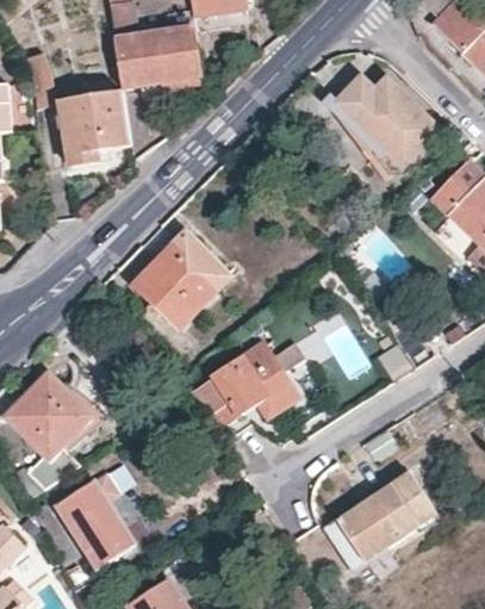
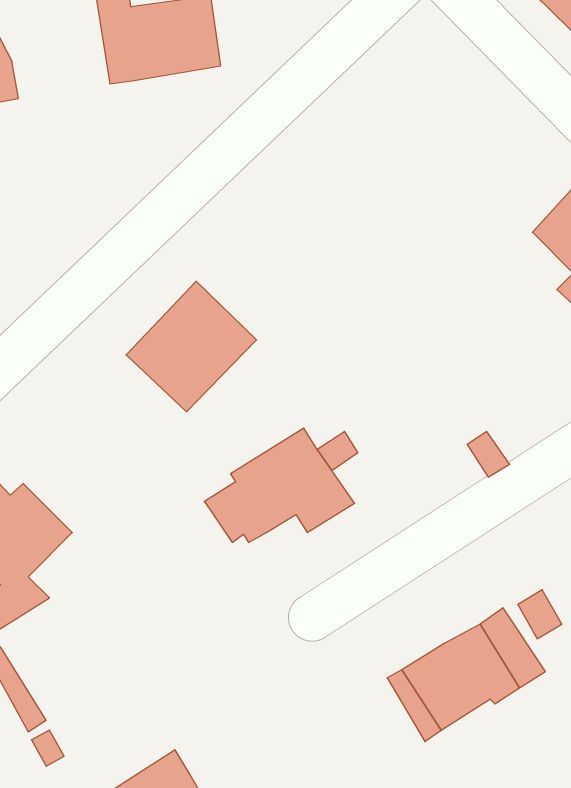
building: [334,75,436,167] -> none
building: [60,88,132,167] -> none
building: [58,470,136,563] -> none

